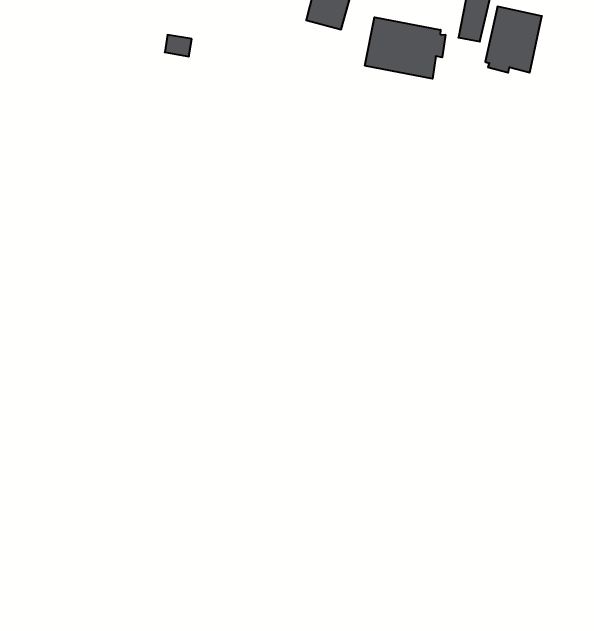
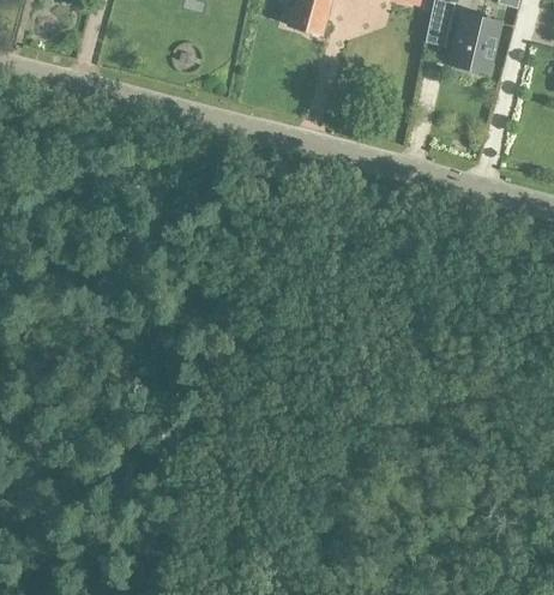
building: [365,17,445,79] -> none

